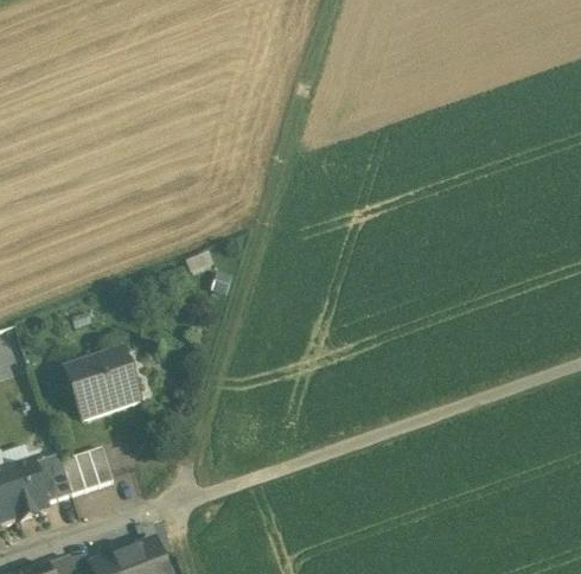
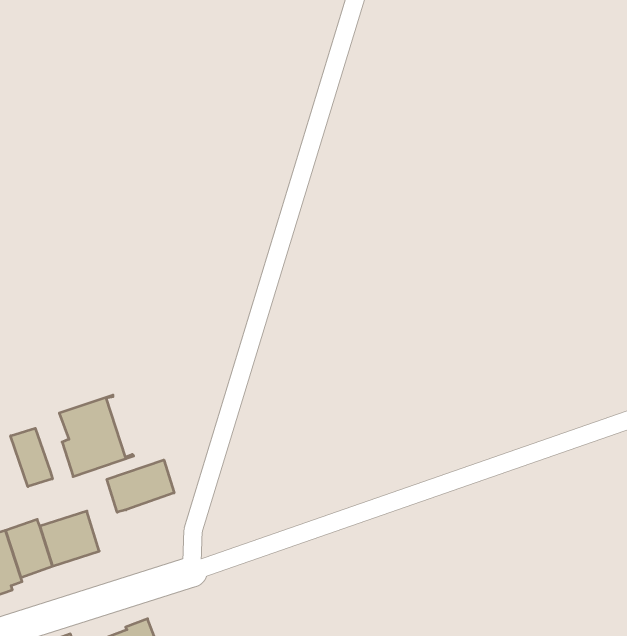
building: none -> [11,428,52,487]
building: none -> [107,460,174,512]

